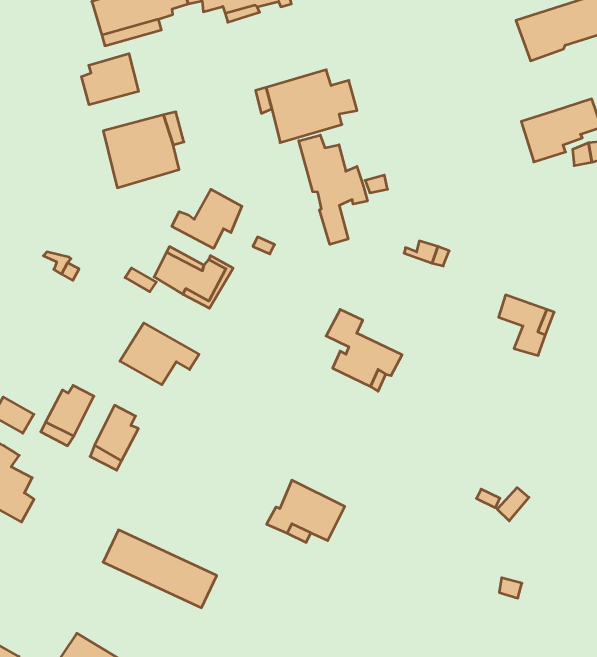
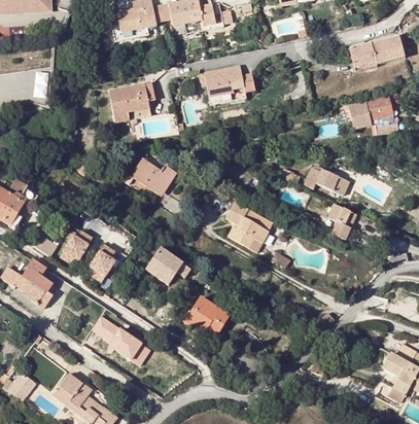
building: [81,54,139,105] -> none
building: [299,135,367,244] -> none
building: [172,189,242,248] -> none
building: none -> [305,167,349,195]
building: [120,323,199,385] -> [146,249,191,285]

